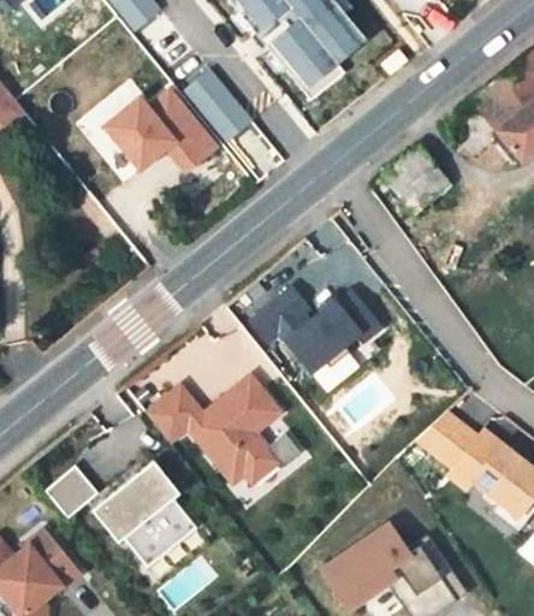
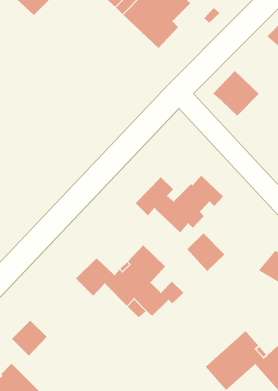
building: [185,67,254,140] -> none
building: [106,88,218,170] -> none
building: none -> [186,232,225,272]
building: [94,463,198,570] -> none

